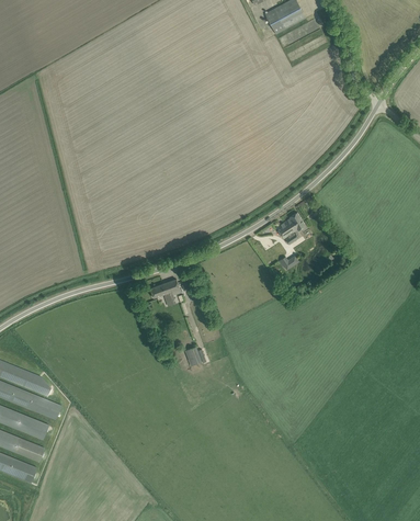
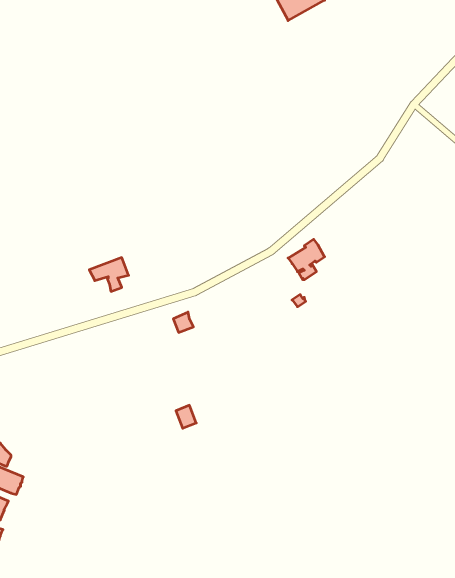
building: [149,279,181,306] -> [89,258,129,291]

